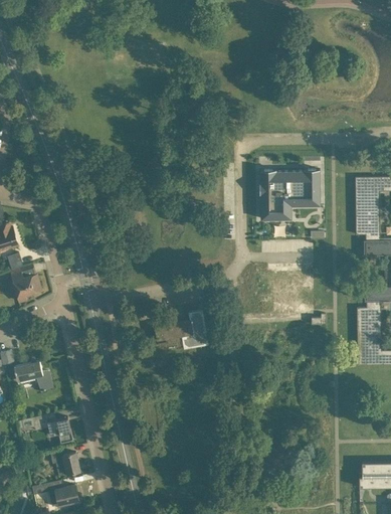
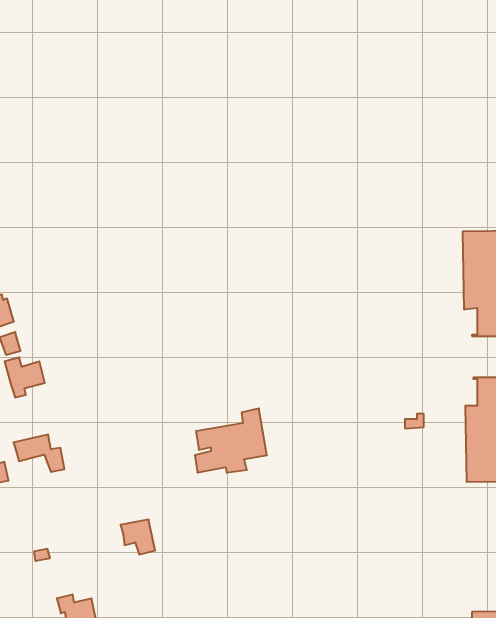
building: [259,170,320,219] -> none
building: [14,361,52,389] -> [13,435,64,472]
building: [47,417,73,444] -> [120,520,155,554]

